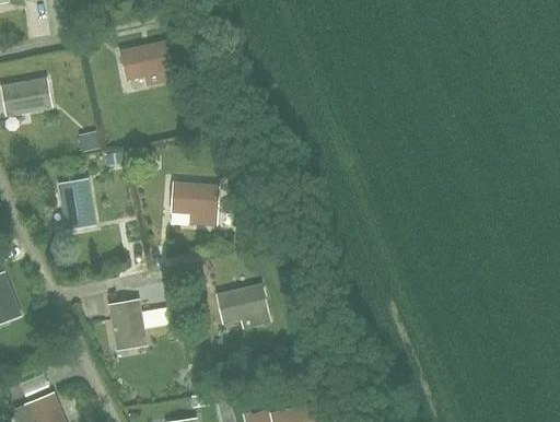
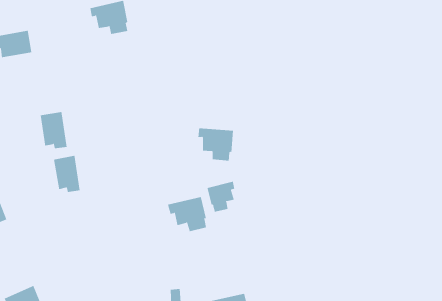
building: [173,183,218,224] -> [198,128,234,161]
building: none -> [207,181,235,213]
building: [110,300,144,345] -> [53,155,80,192]

